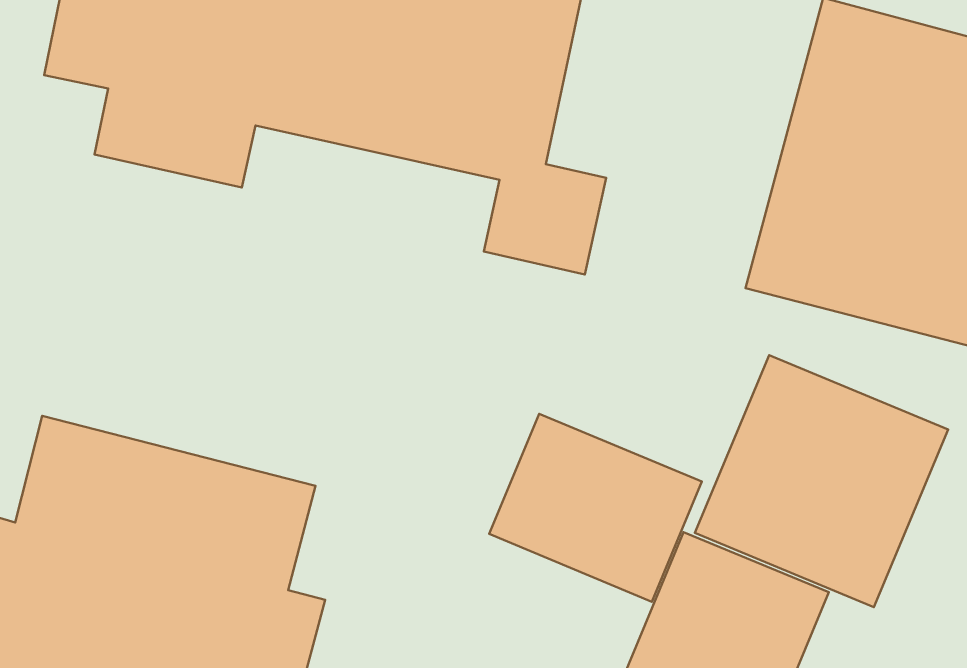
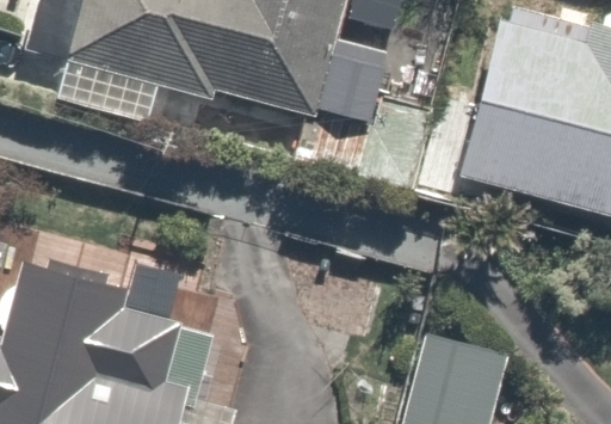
building: [695,355,948,607] -> none
building: [489,414,702,602] -> none

